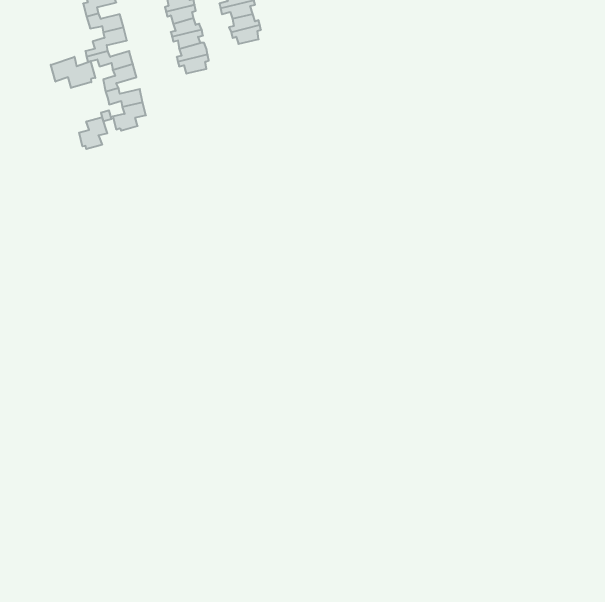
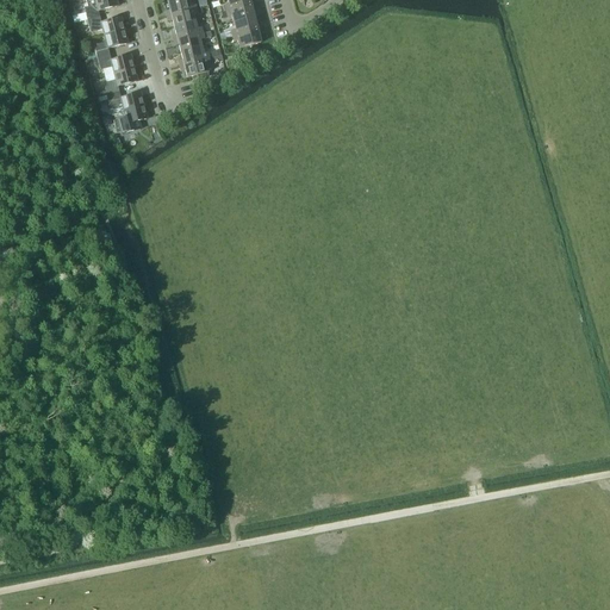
building: [51,57,95,88] -> none
building: [79,117,107,149] -> none

